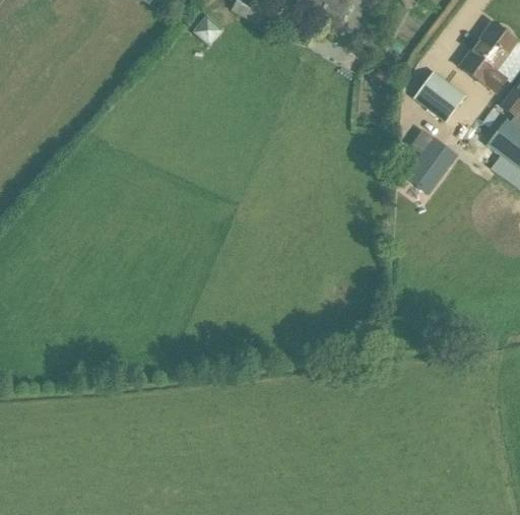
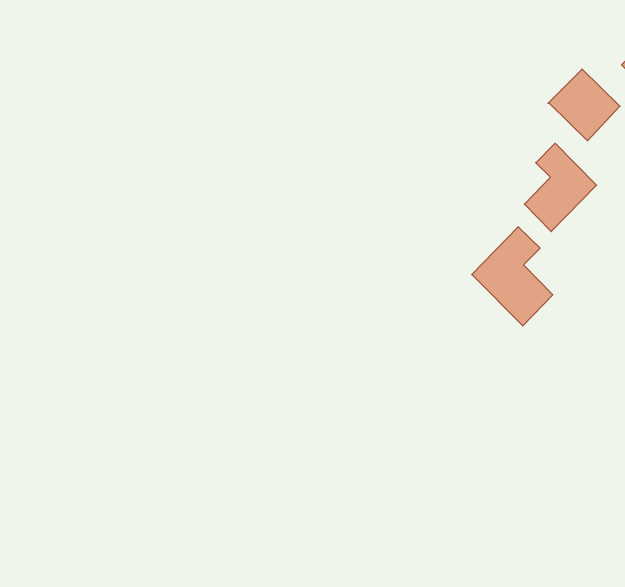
building: none -> [472,227,553,326]

